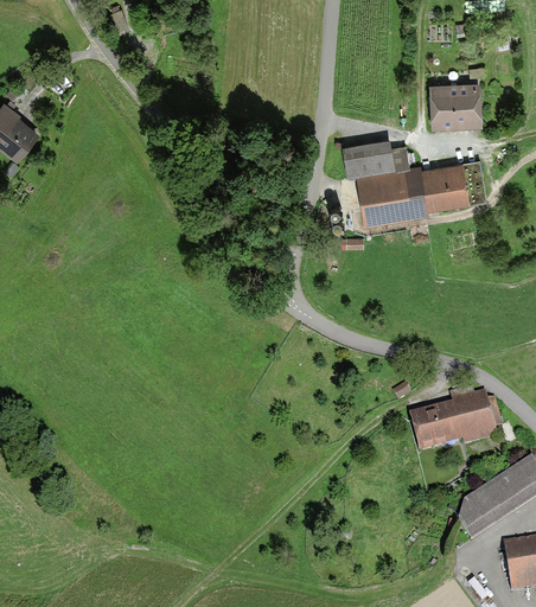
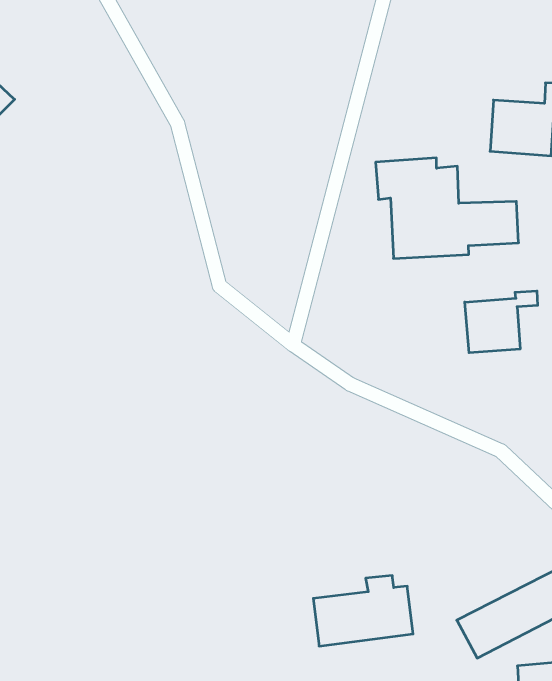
building: none -> [465,291,538,353]
building: [410,386,494,451] -> [313,576,413,646]

